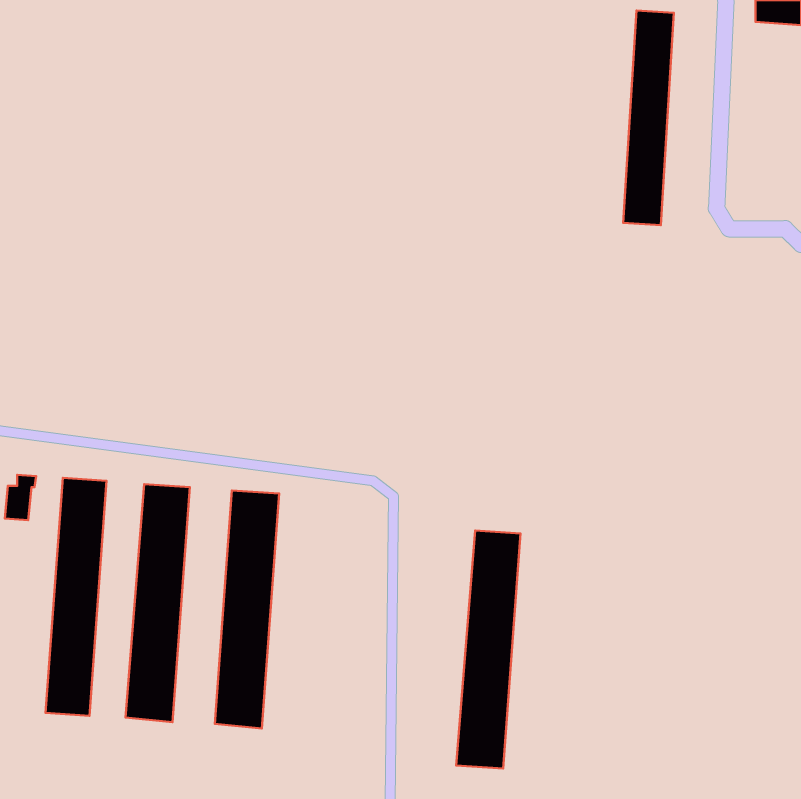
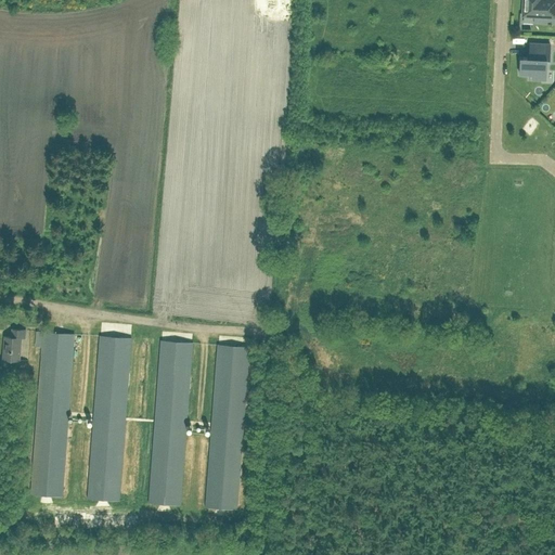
building: [623,10,674,225] -> none
building: none -> [519,43,550,80]
building: [456,530,521,769] -> [205,345,249,509]

